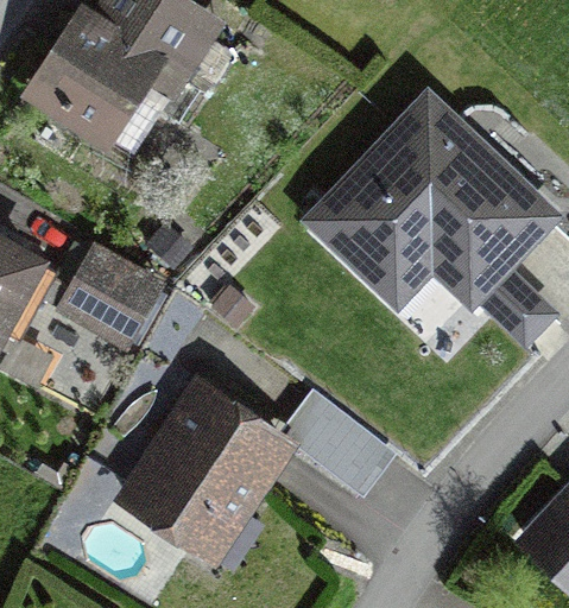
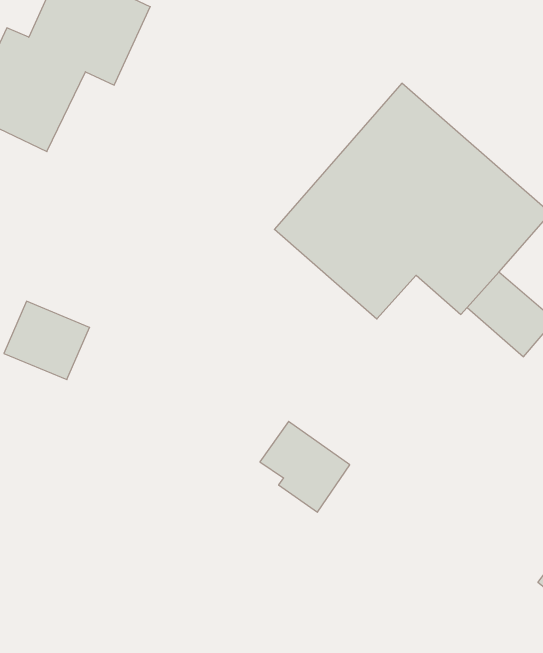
building: [127,388,293,563] -> none

